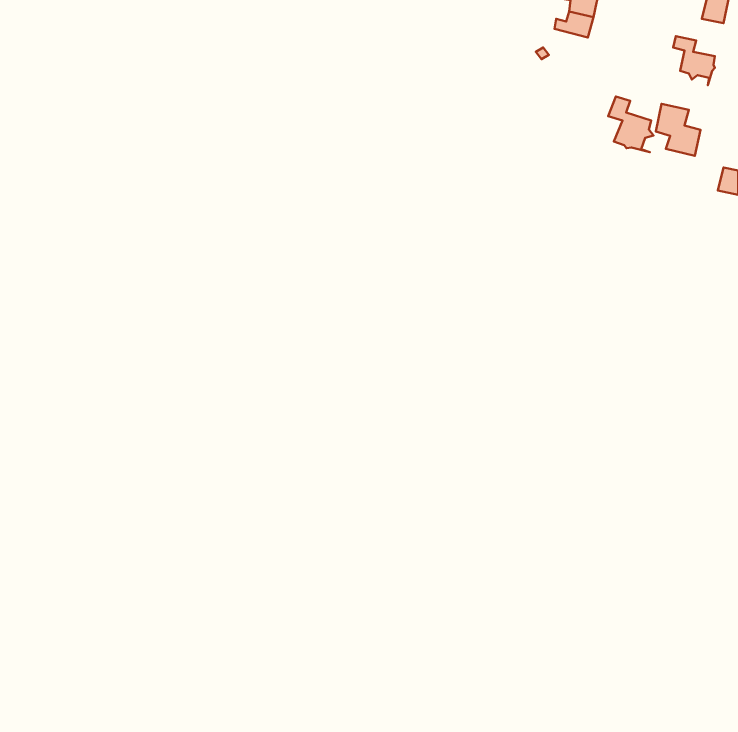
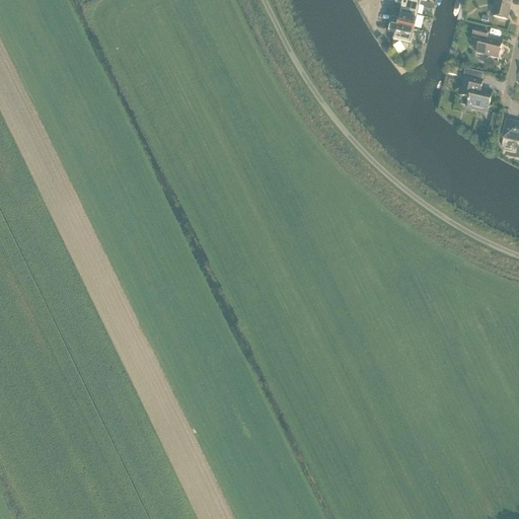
building: none -> [387,20,413,51]
building: [608,97,653,152] -> none

